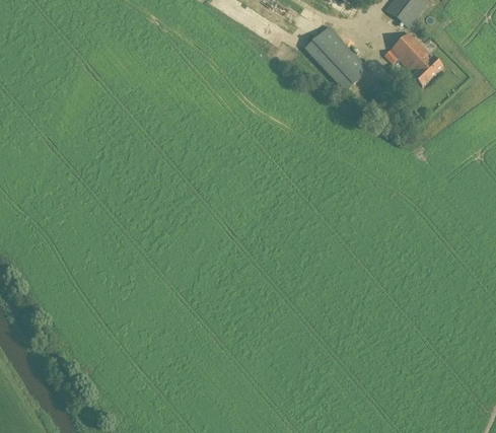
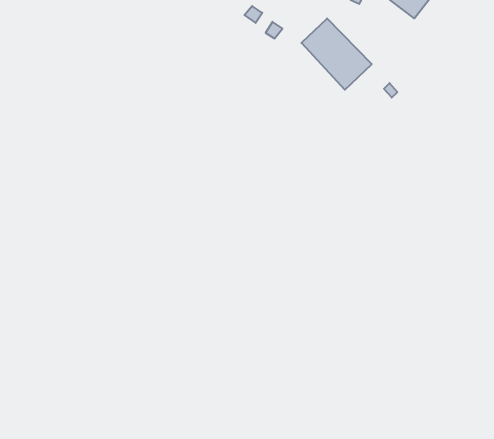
building: [383,32,442,86] -> none

